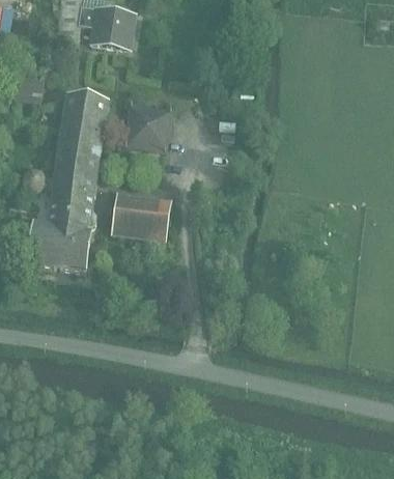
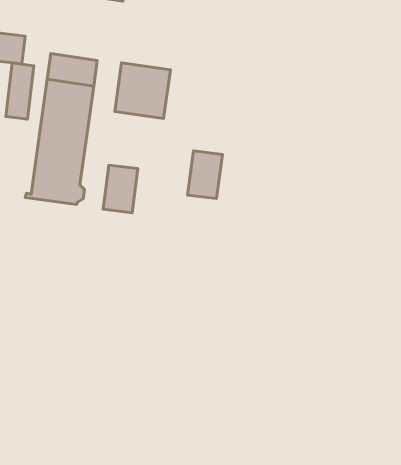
building: none -> [6,63,34,119]
building: [139,196,170,238] -> [188,151,222,199]
building: [28,220,91,270] -> none

